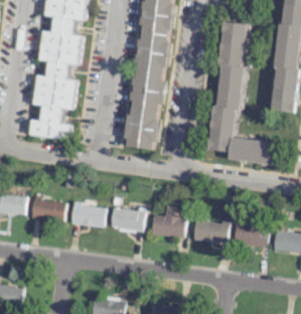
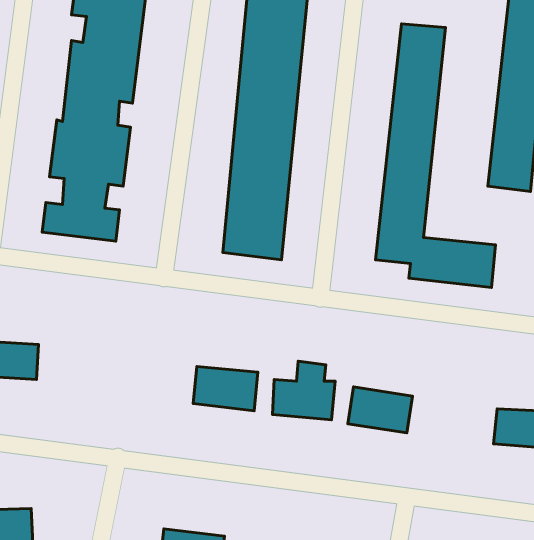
building: [31,198,66,222] -> none
building: [71,204,106,227] -> none
building: [236,225,269,247] -> none

